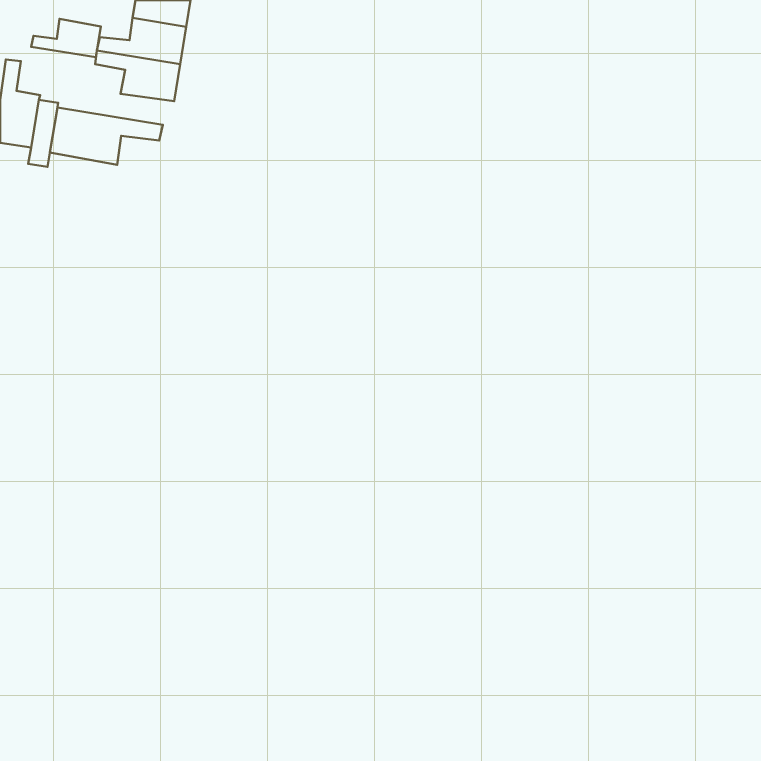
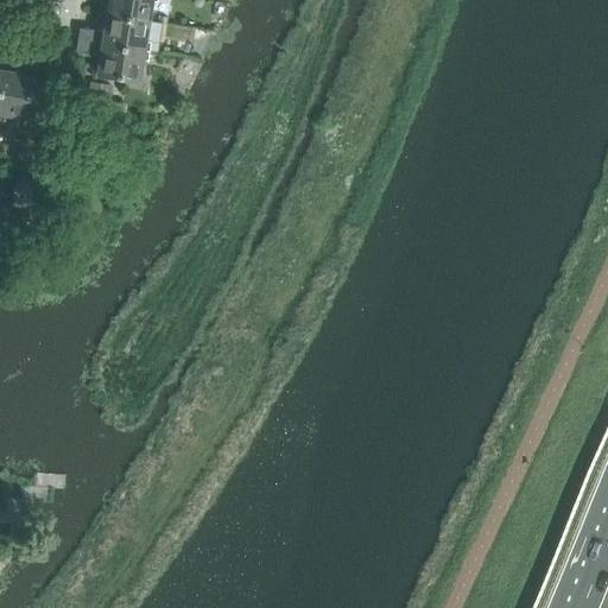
building: [31,19,101,57] -> none
building: [50,108,163,165] -> none

